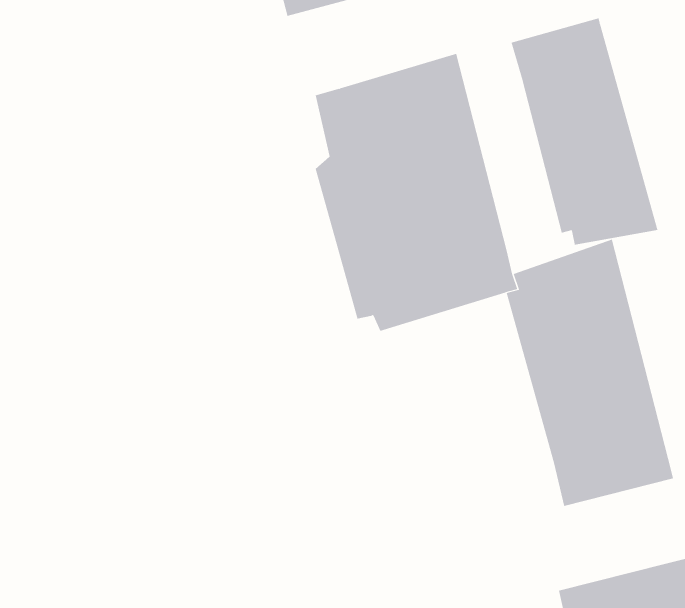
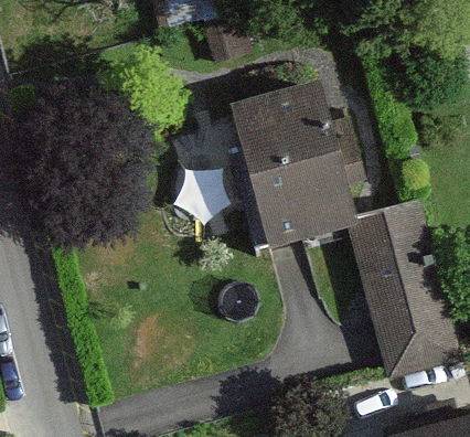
building: [511,18,658,245] -> none

